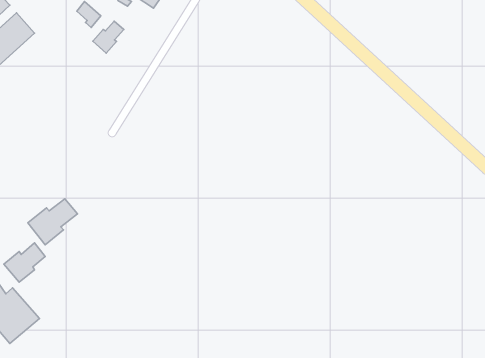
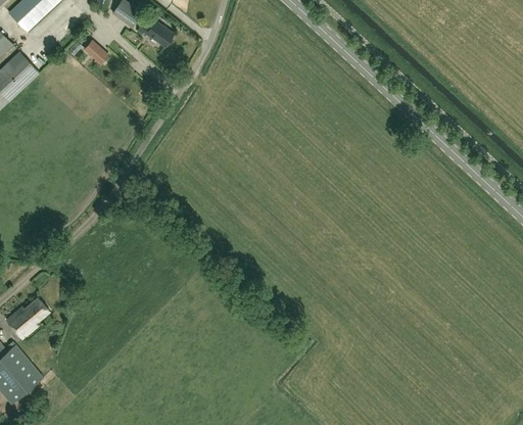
building: [93,21,124,53] -> none
building: [28,199,78,245] -> none

